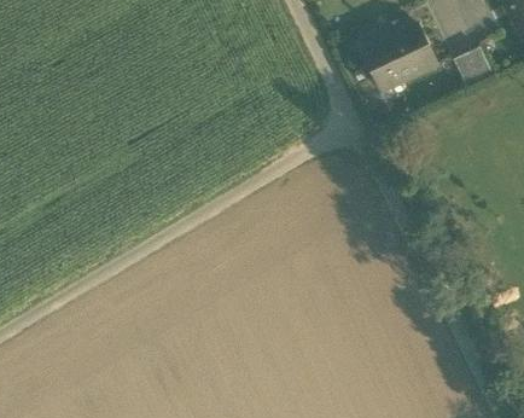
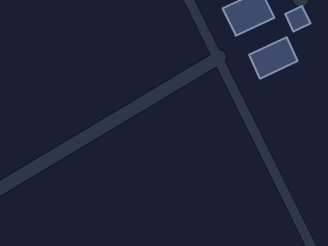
building: none -> [249,37,297,79]

